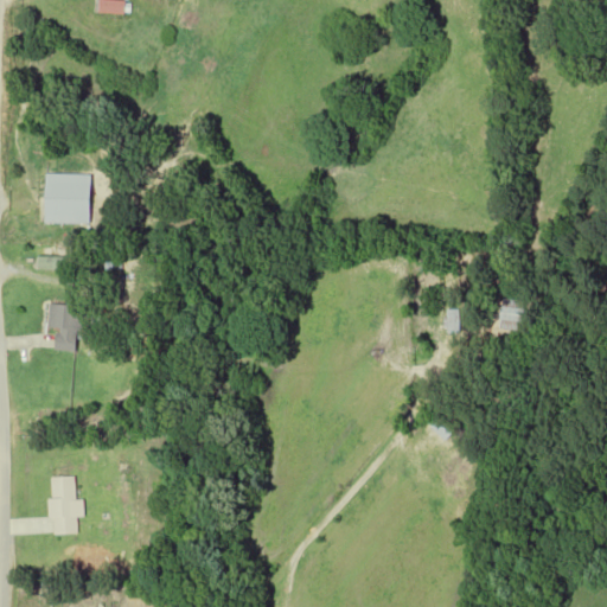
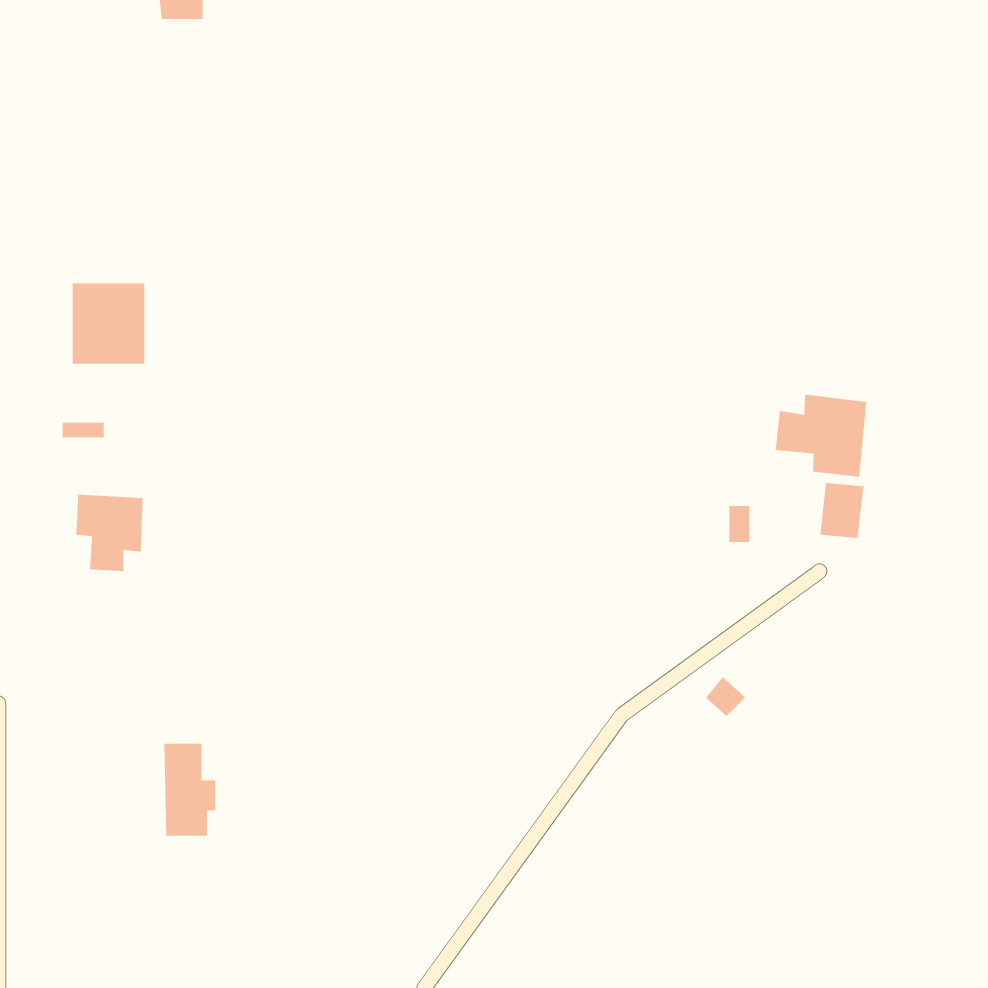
building: none -> [775,394,867,477]
building: [50,477,82,533] -> [163,743,216,836]

